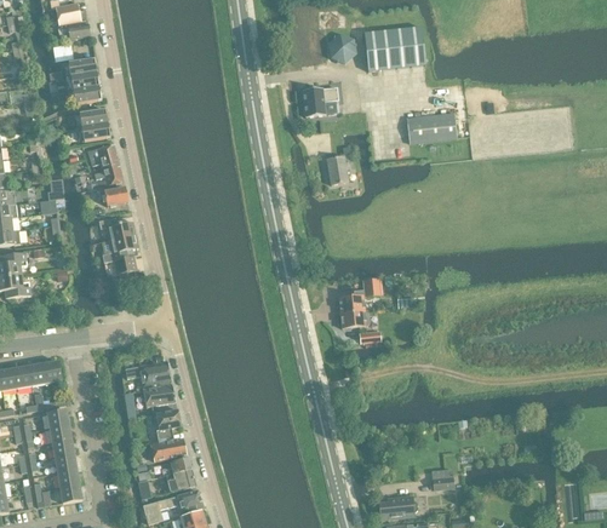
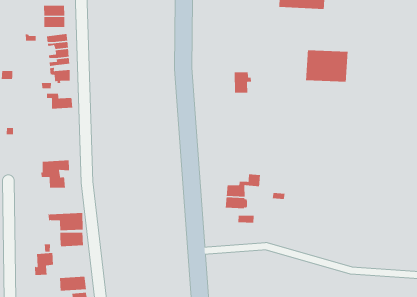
building: [300,85,337,115] -> none
building: [101,234,137,274] -> [40,159,70,189]
building: [155,409,179,442] -> [34,252,54,276]

